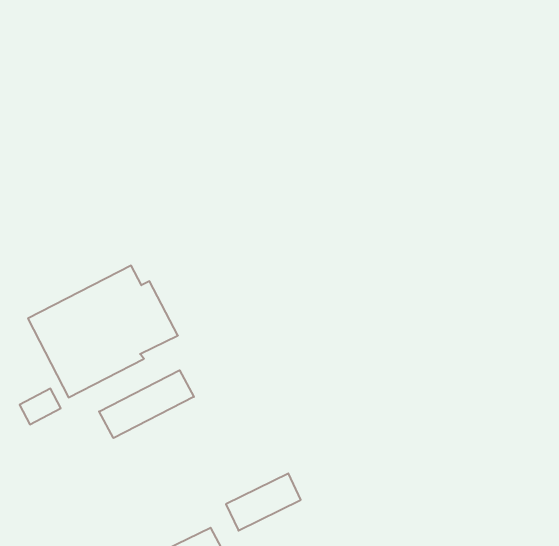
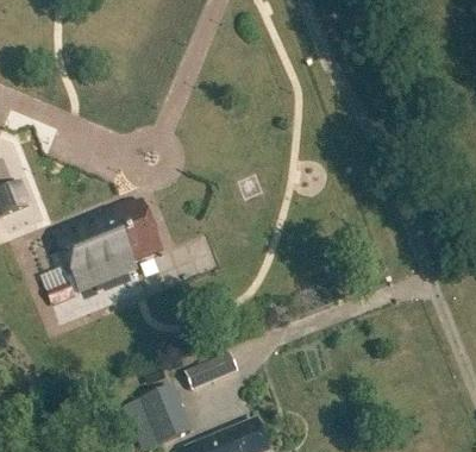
building: [99,370,194,438] -> none

